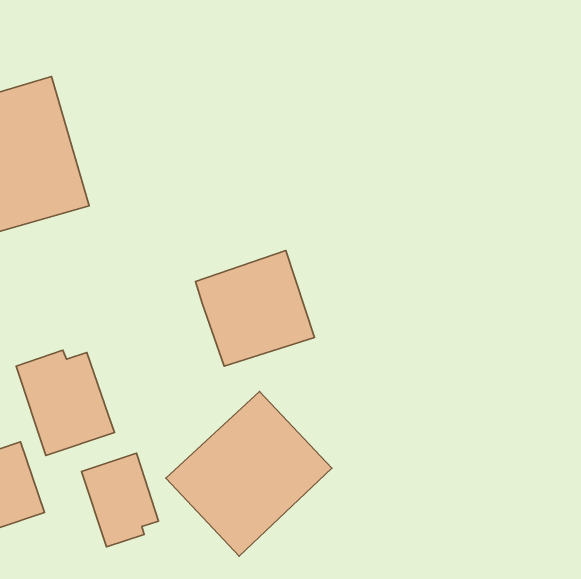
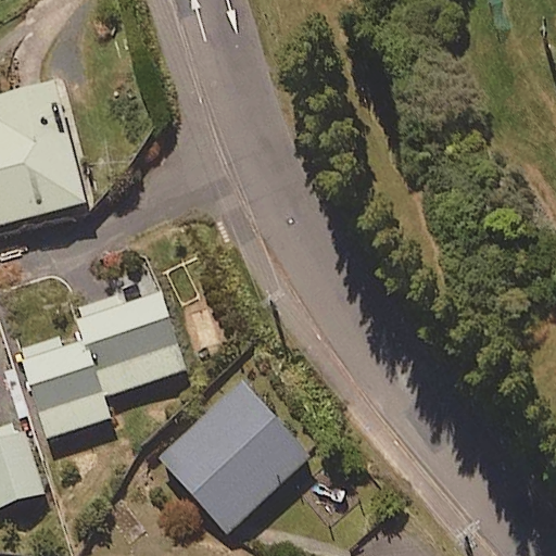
building: [195,251,314,366] -> [76,290,189,400]
building: [81,453,158,547] -> none

